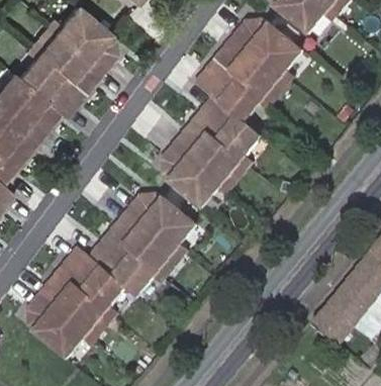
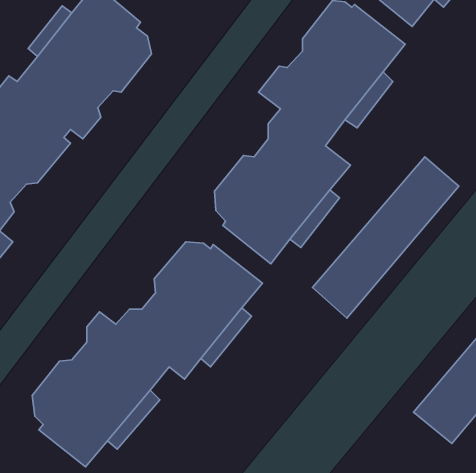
building: none -> [312,157,459,318]

